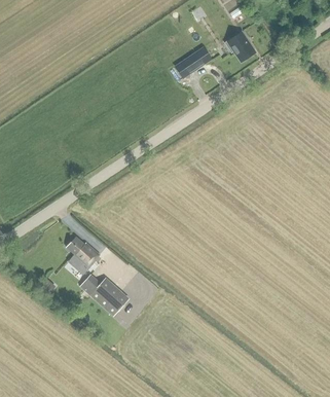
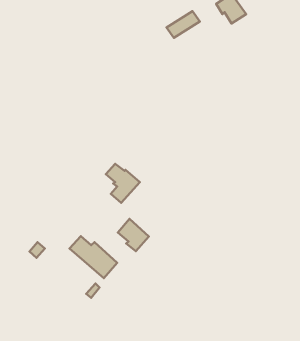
building: [66,236,100,275] -> [106,164,140,203]
building: none -> [118,219,149,251]

